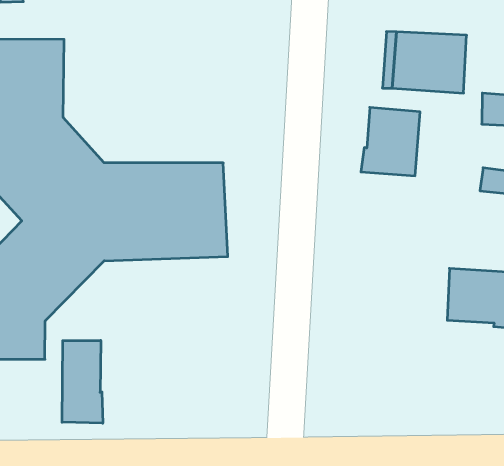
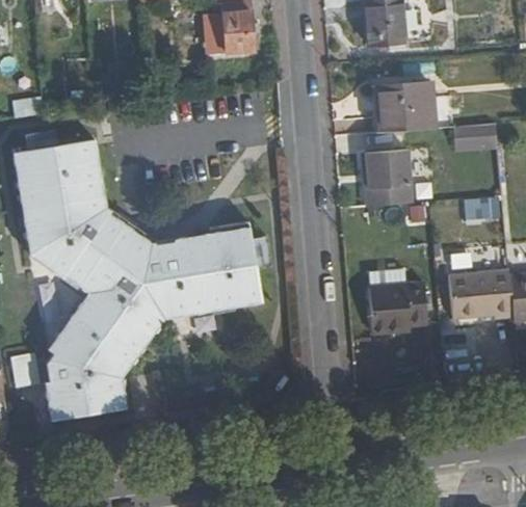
building: none -> [365,268,425,326]
building: [62,340,103,423] -> none

